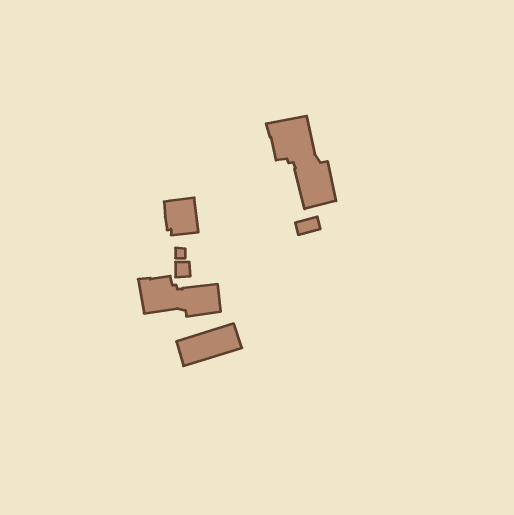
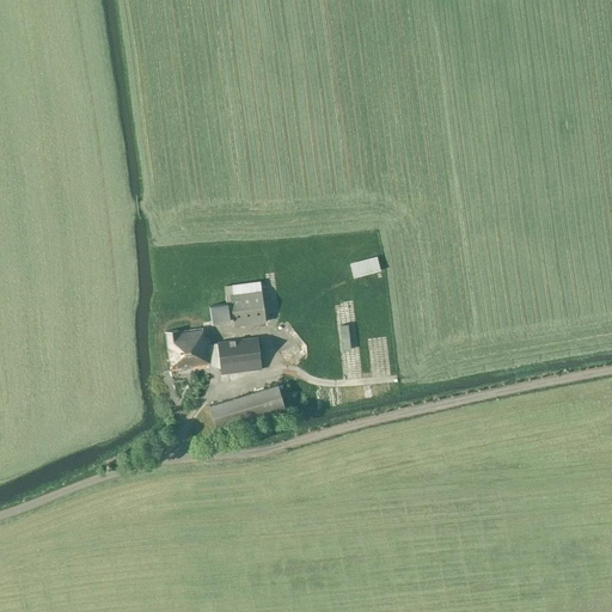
building: [266,116,336,209] -> none
building: [164,198,198,235] -> [226,281,267,325]

